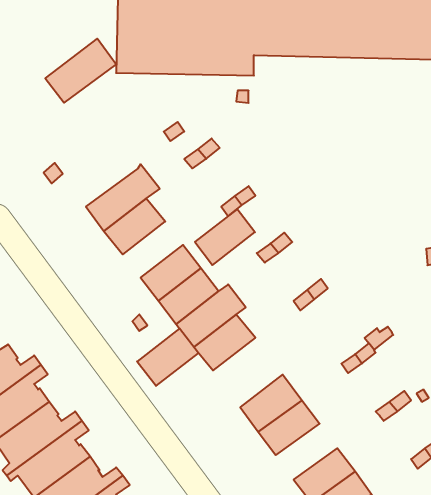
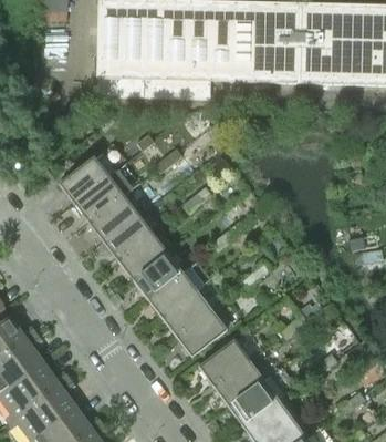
building: [45,39,116,103] -> [59,152,116,204]
building: [195,209,255,265] -> [104,216,153,261]
building: [137,329,199,386] -> [177,310,227,357]
building: none -> [228,374,284,425]

